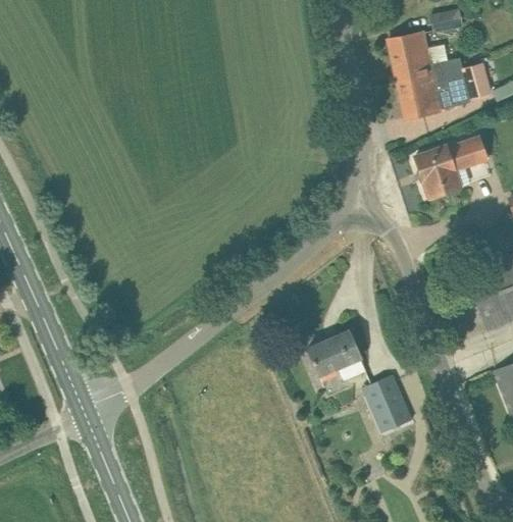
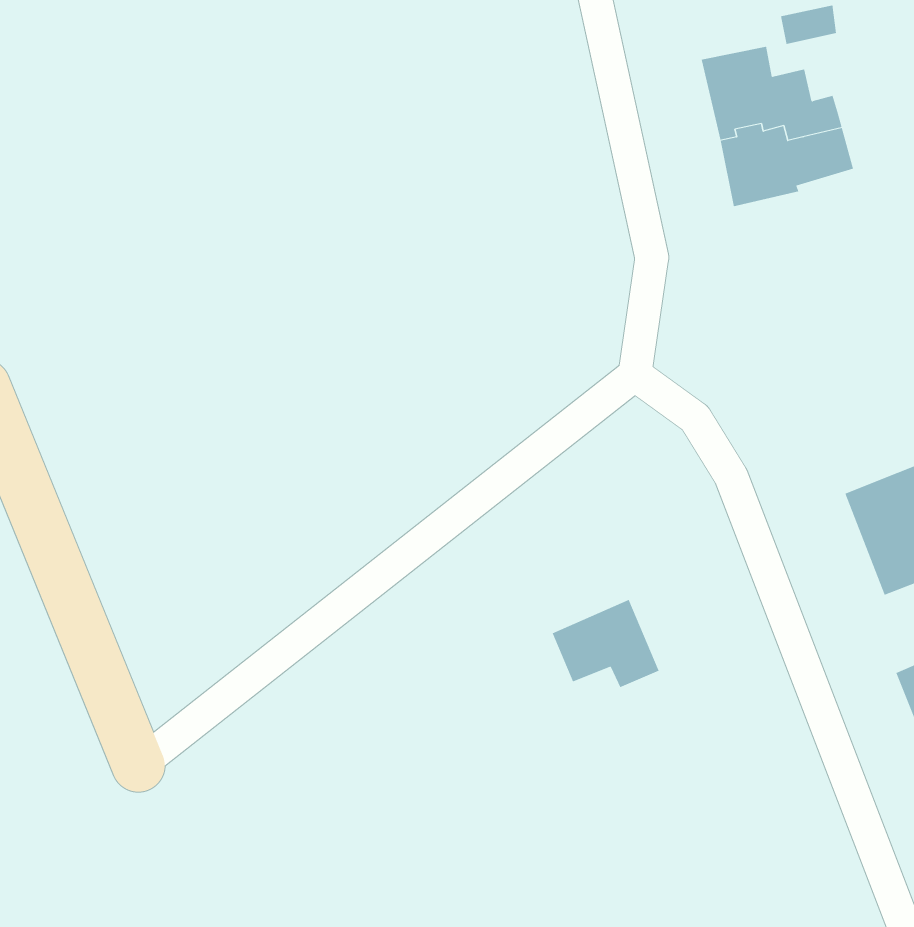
building: [462,62,492,99] -> none
building: [414,137,486,198] -> none
building: [362,375,411,433] -> none

